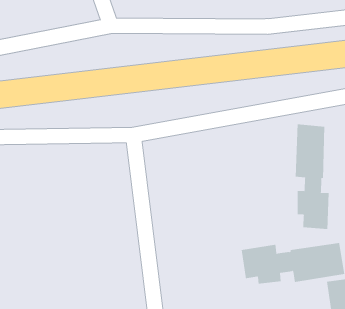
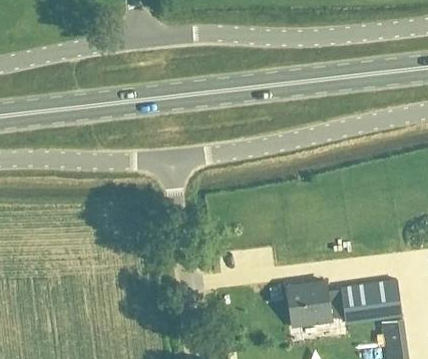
building: [295,124,329,230] -> none

